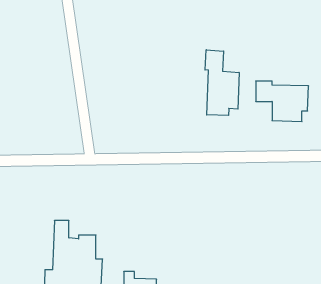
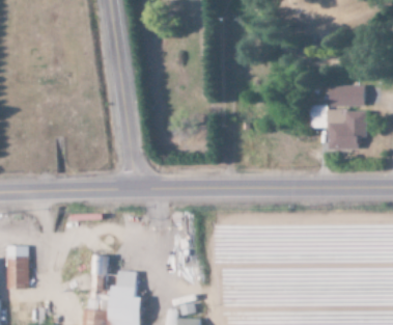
building: [205,50,239,115] -> none
building: none -> [328,84,364,106]

